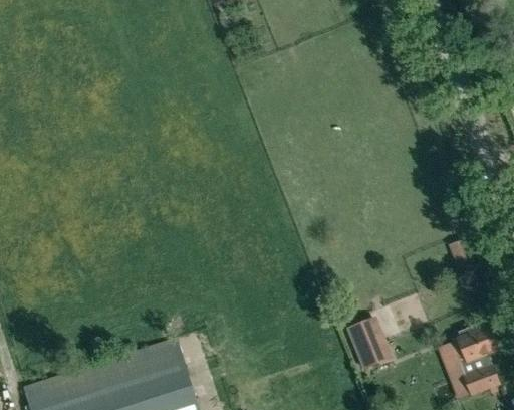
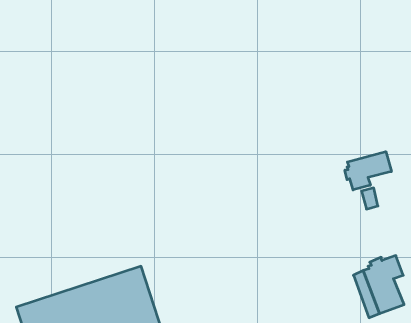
building: none -> [345,152,391,190]
building: [346,316,393,370] -> none

